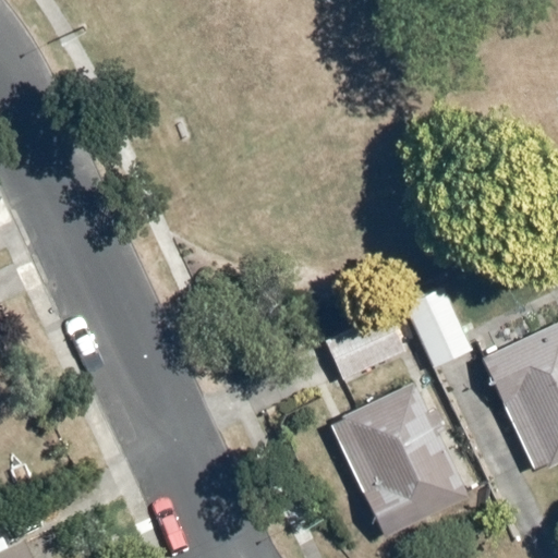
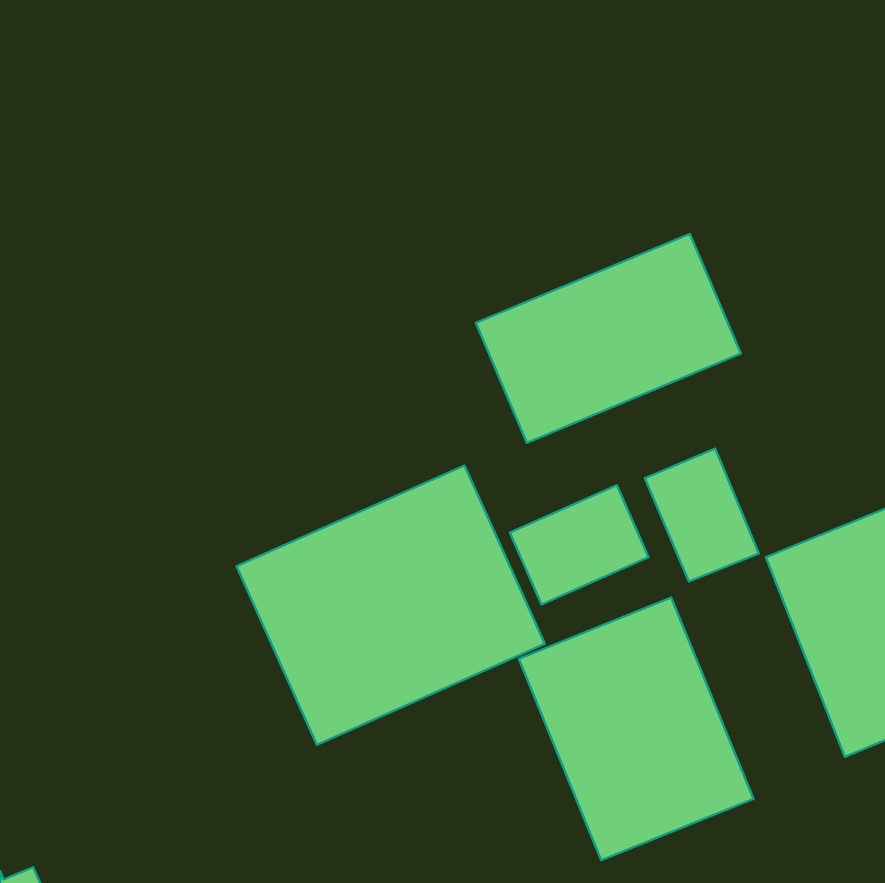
building: none -> [476,234,741,443]
building: none -> [237,465,545,745]

